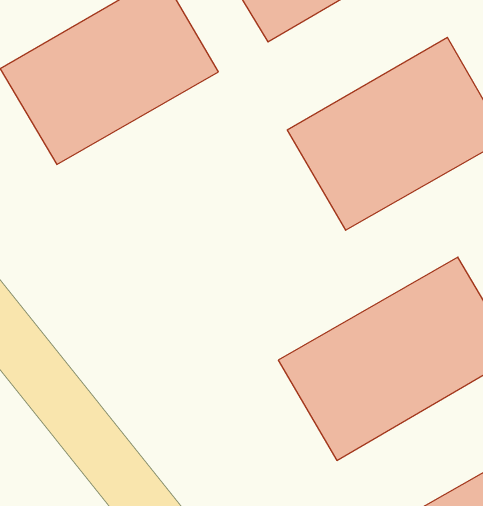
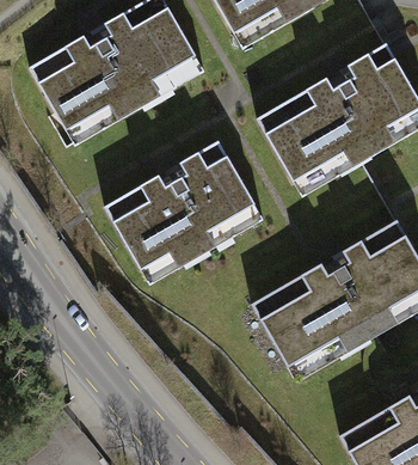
building: none -> [105,140,269,288]

